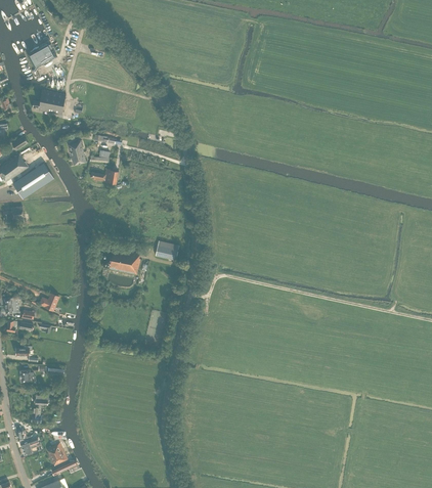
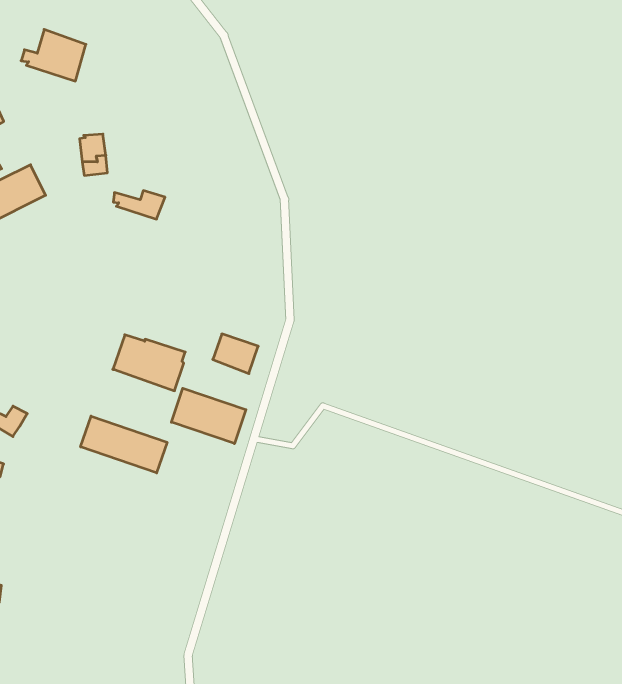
building: none -> [171,388,246,444]
building: none -> [81,416,167,473]

